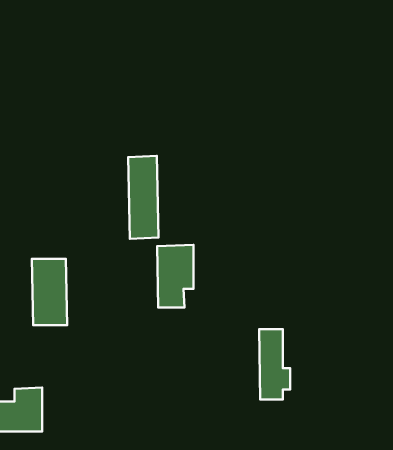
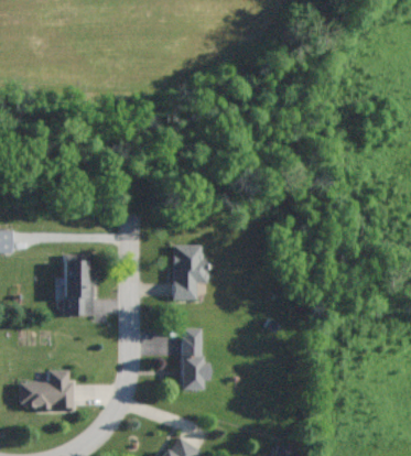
building: [128,156,159,239] -> none
building: [259,329,290,399] -> [180,328,207,390]

